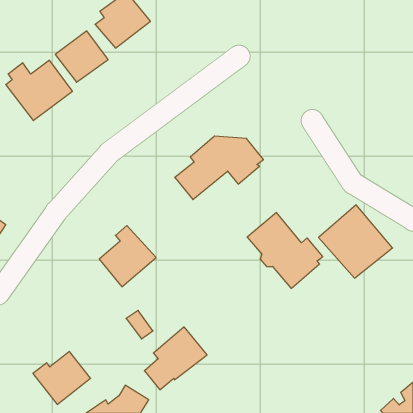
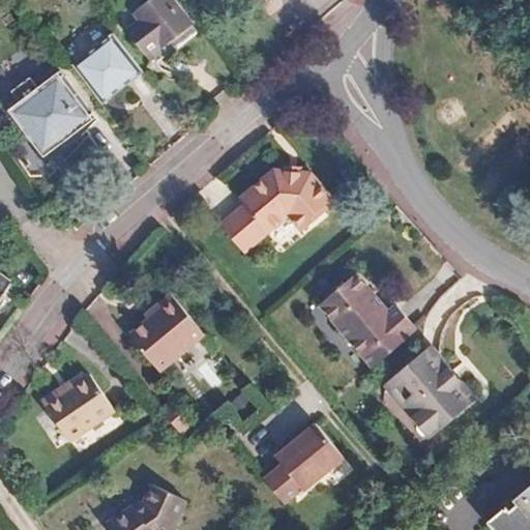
building: [319,205,393,278] -> [382,347,476,440]
building: [144,327,207,390] -> [267,423,347,503]
building: [33,351,91,404] -> [43,371,117,438]

